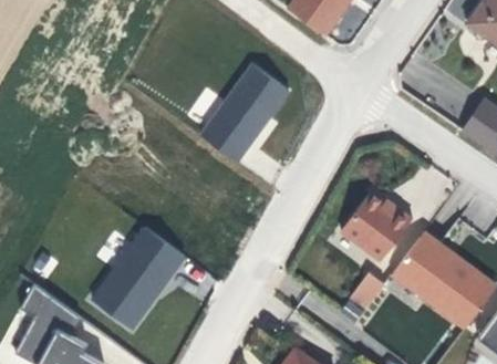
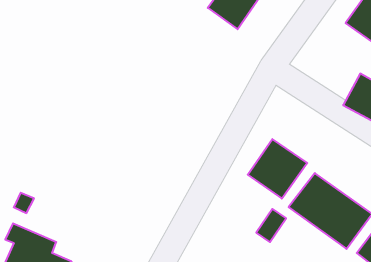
building: [198,62,296,165] -> none
building: [87,226,187,333] -> none

